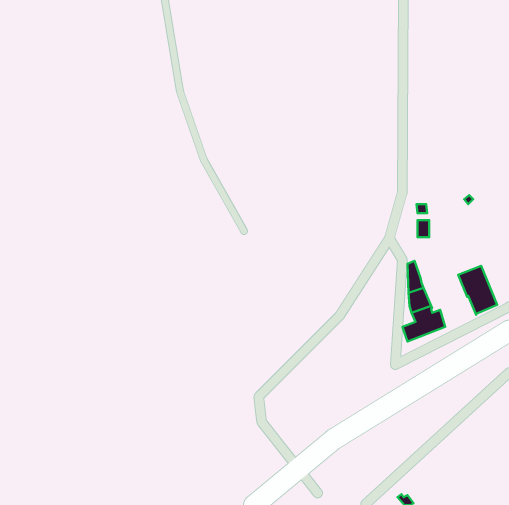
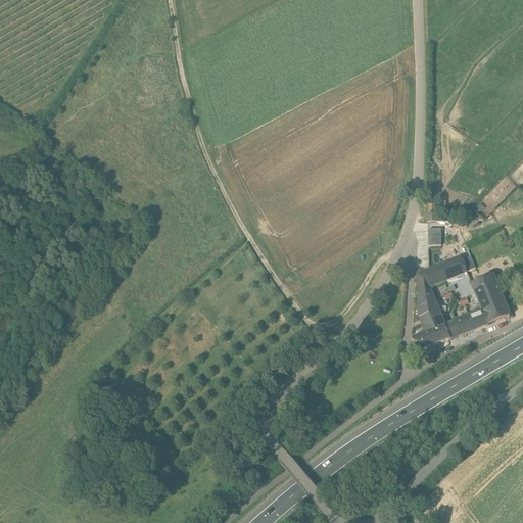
building: none -> [425,254,468,285]
building: none -> [451,303,488,335]

